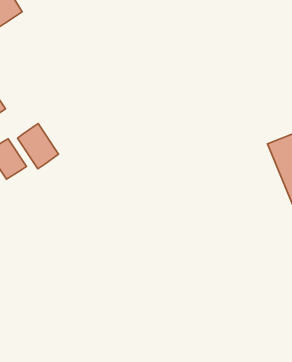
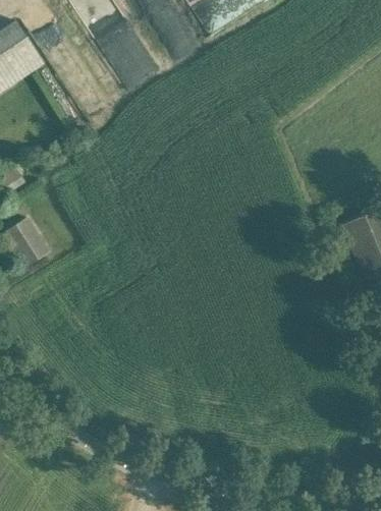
building: [17,124,59,169] -> none

